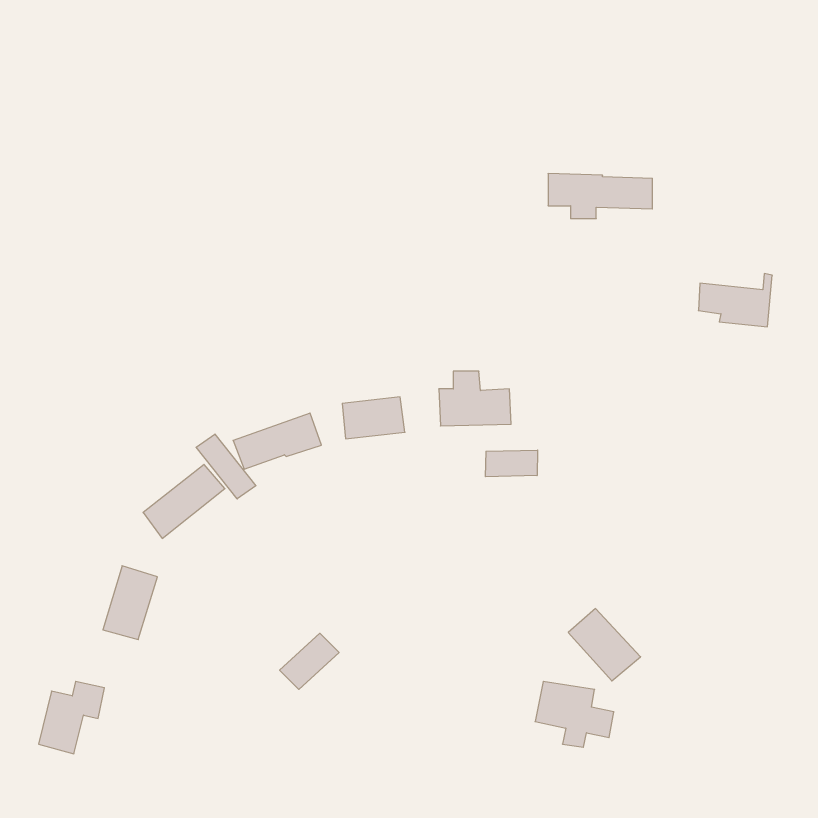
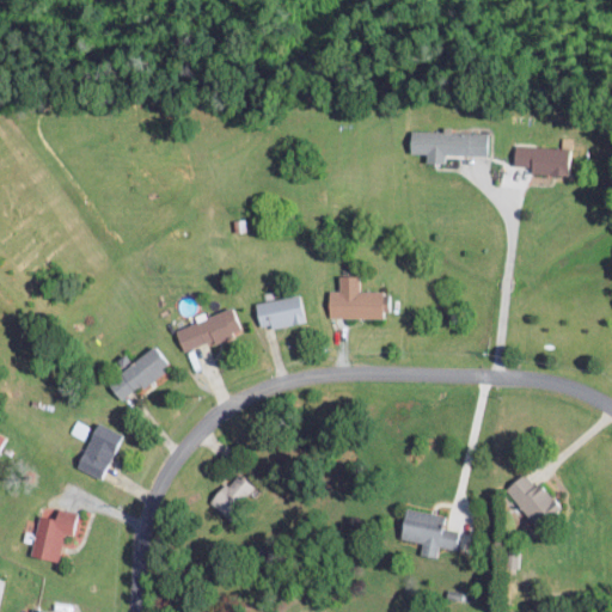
building: [698,274,772,327] -> [515,139,570,178]
building: [196,434,256,499] -> none
building: [486,450,538,477] -> none
building: [568,609,641,681] -> [506,472,559,526]

